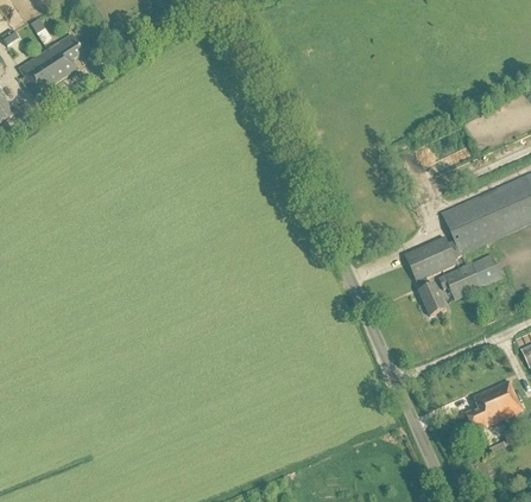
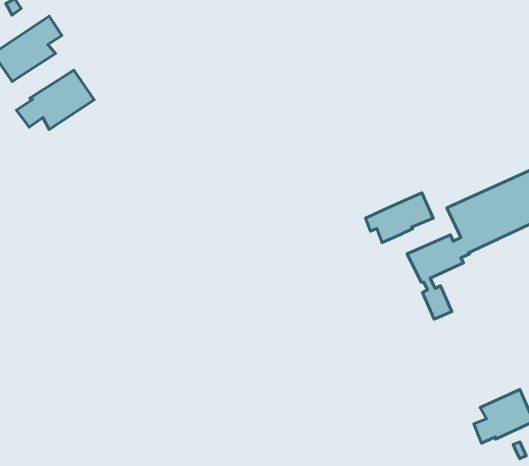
building: none -> [16,70,94,129]
building: [438,253,501,299] -> [365,193,433,243]

